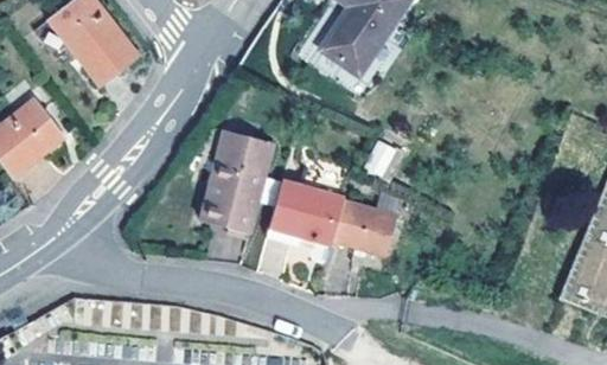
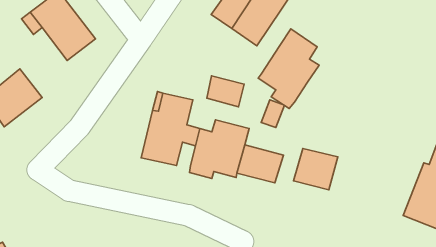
building: none -> [258,29,319,108]
building: none -> [207,76,244,107]
building: none -> [294,149,338,190]

